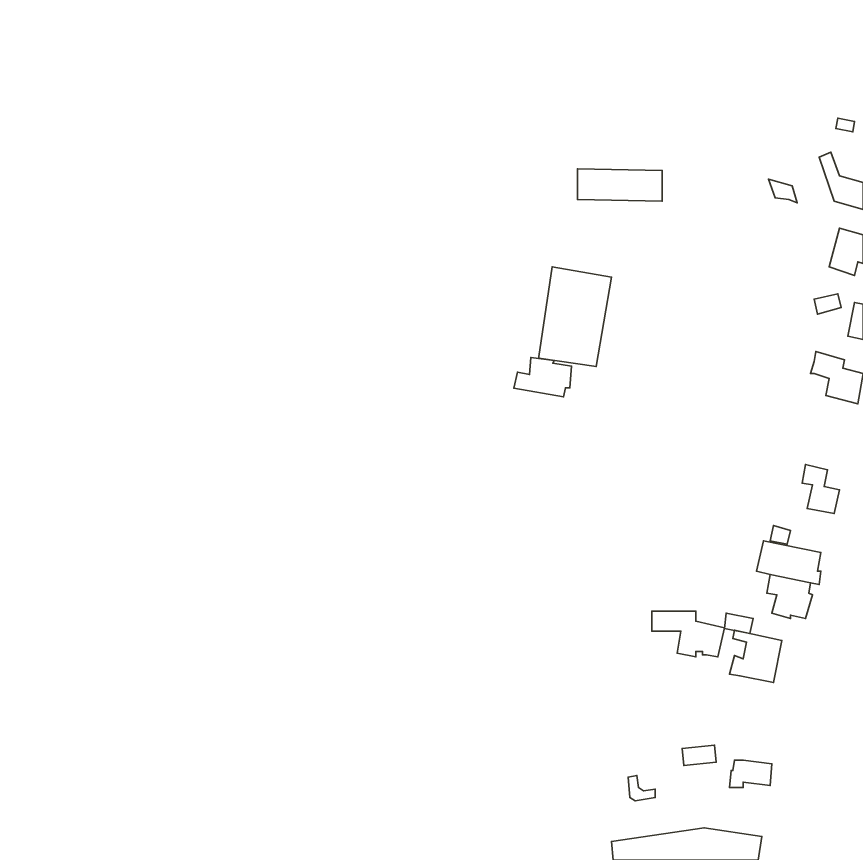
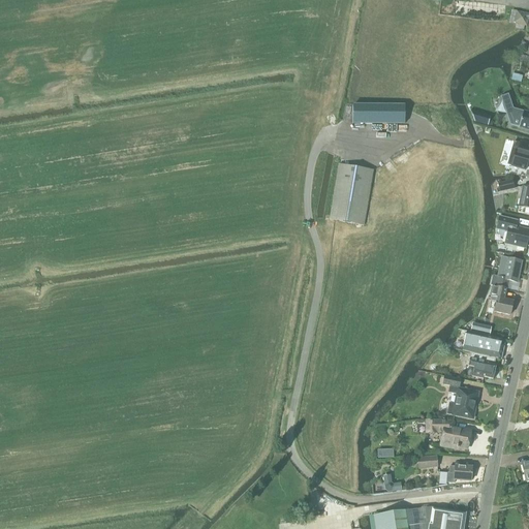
building: [514,358,571,397] -> none
building: none -> [491,256,523,287]
building: [652,611,725,657] -> [427,419,471,447]

